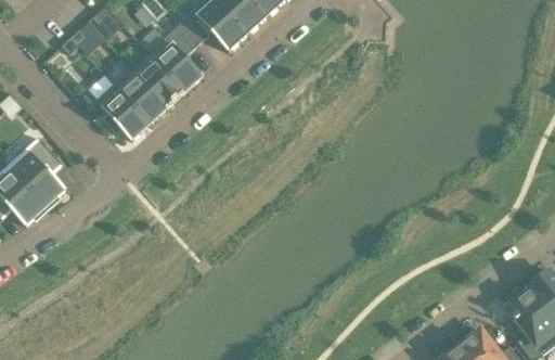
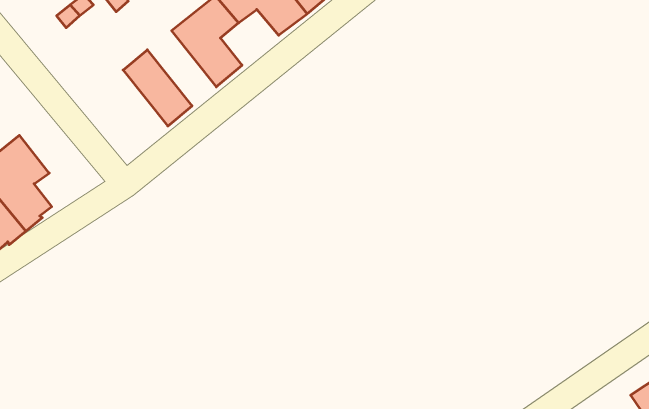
building: [131,51,184,106] -> none
building: [95,82,150,139] -> none

